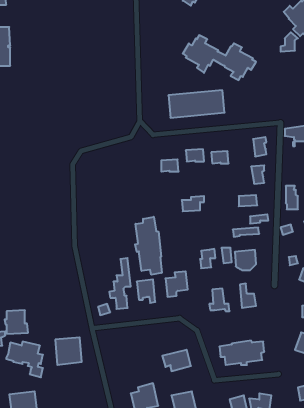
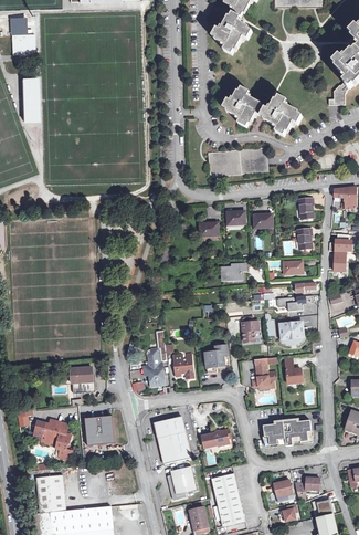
building: [135,217,162,275] -> none
building: [5,310,28,334] -> [70,367,95,392]
building: none -> [155,417,191,464]

